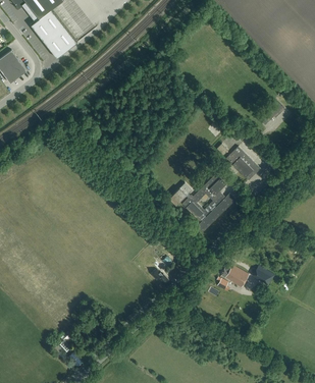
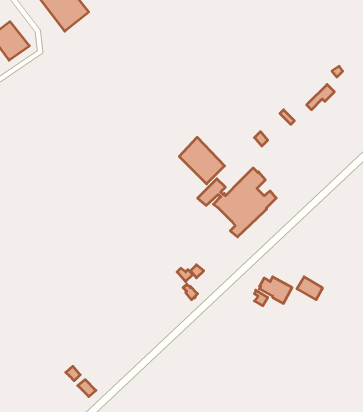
building: [226,147,261,181] -> none
building: none -> [179,137,225,184]

